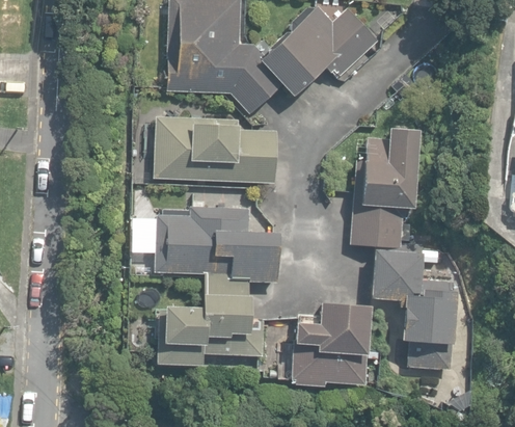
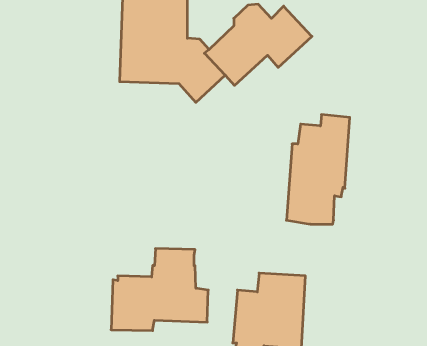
building: [154,116,278,184] -> none
building: [155,207,279,283] -> none
building: [374,244,457,370] -> none

